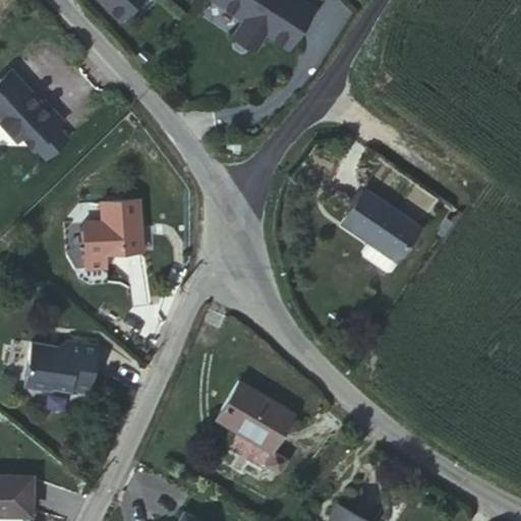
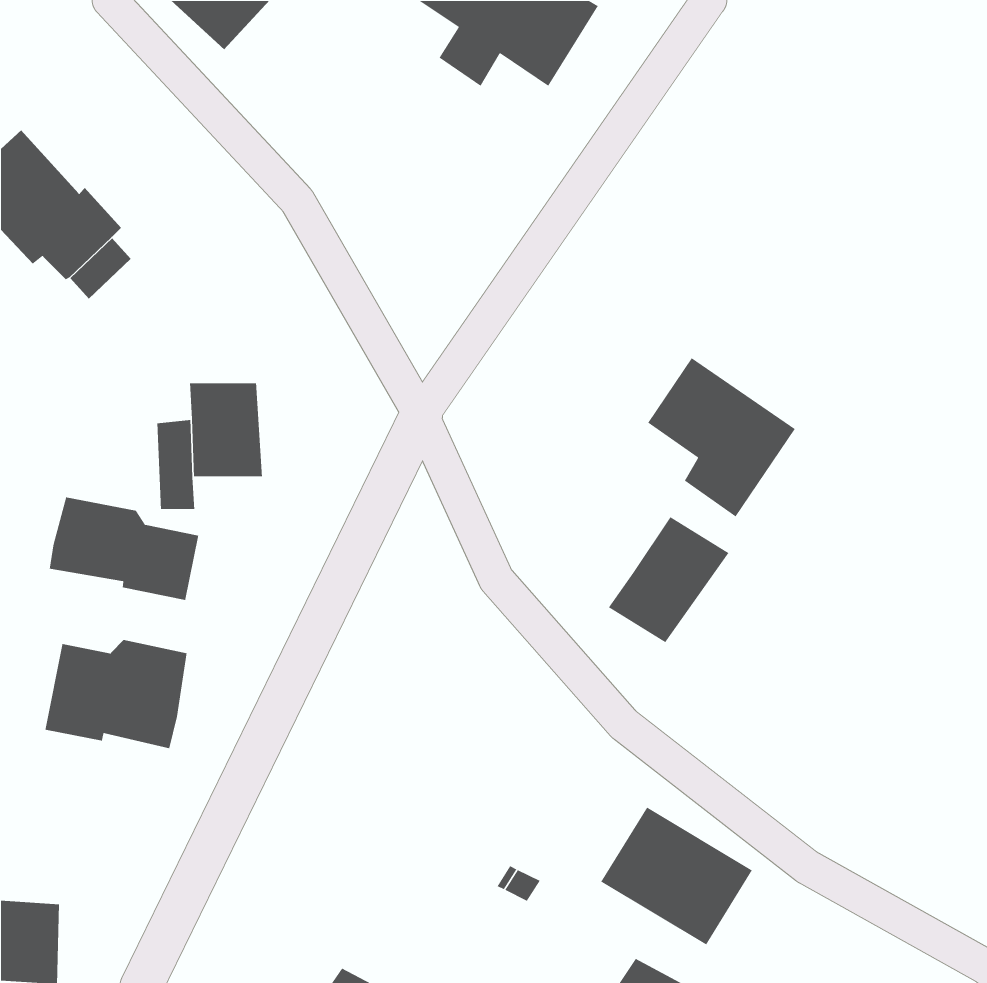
building: none -> [49,497,199,601]
building: none -> [608,516,730,643]
building: [215,381,295,454] -> [600,806,753,946]

